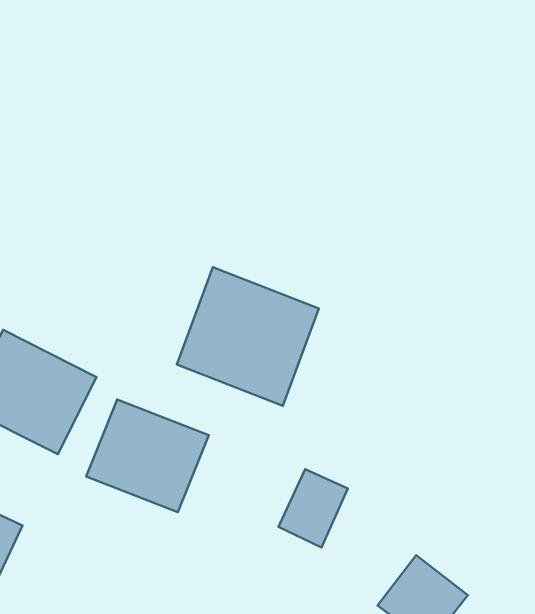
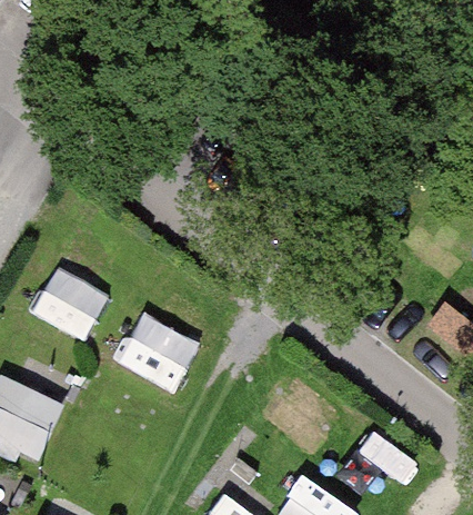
building: [177,267,319,406] -> none

